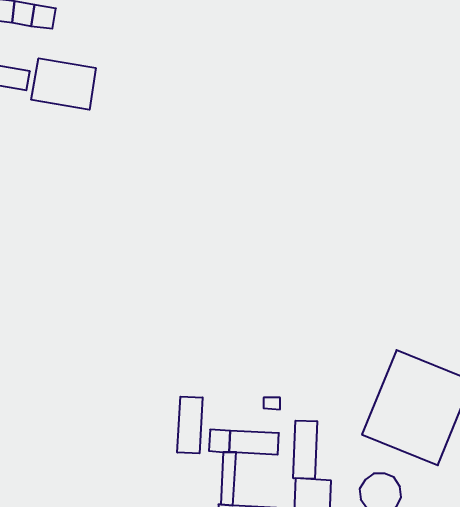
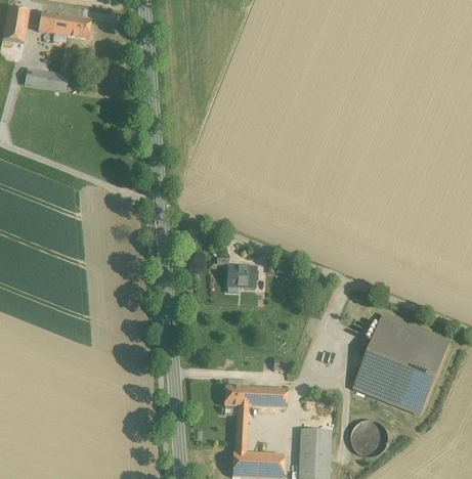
building: [31,58,96,110] -> none
building: none -> [223,264,252,285]
building: [177,397,203,453] -> none
building: [293,421,317,479] -> none

